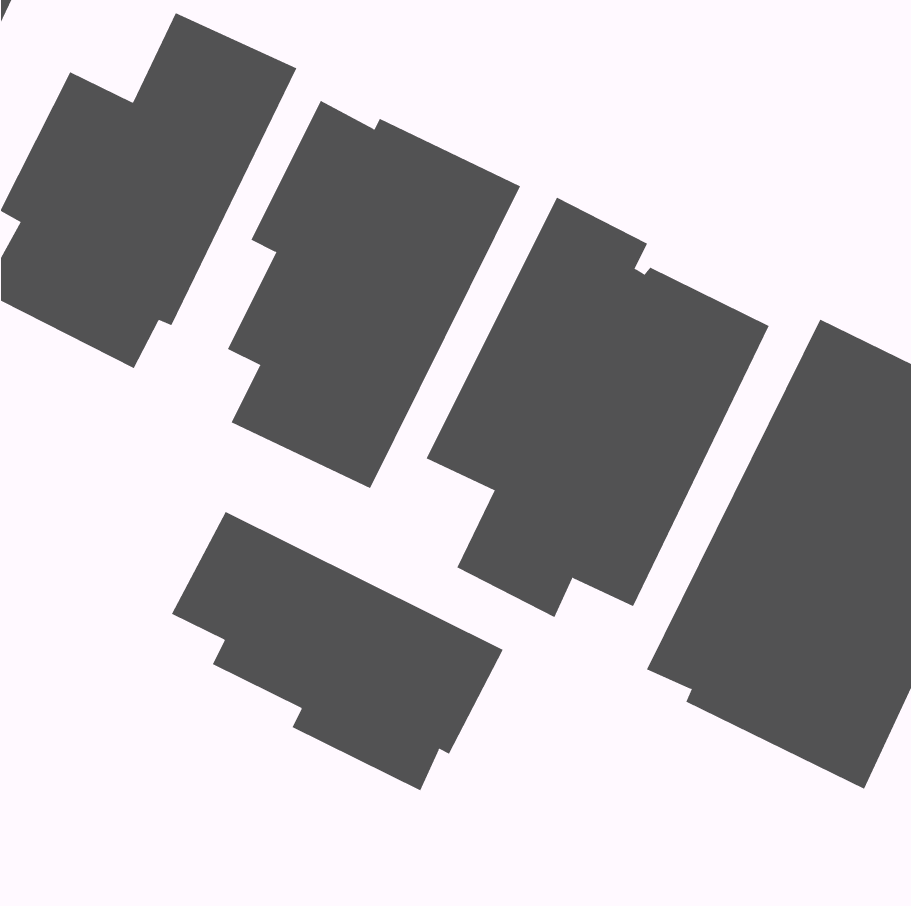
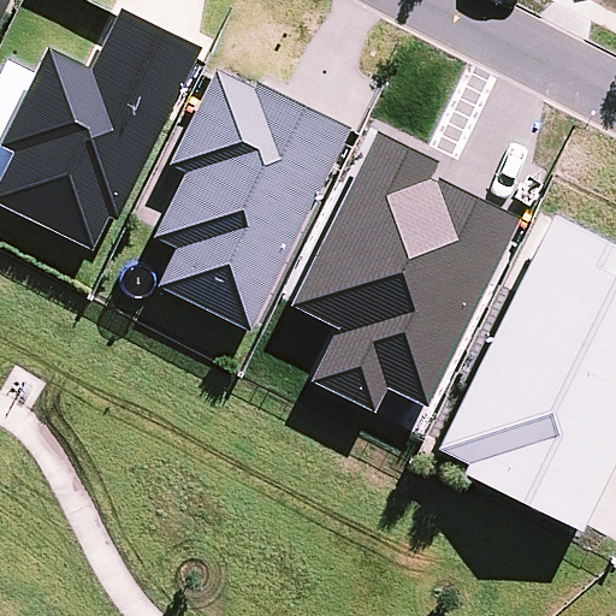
building: [171,511,504,791] -> none

